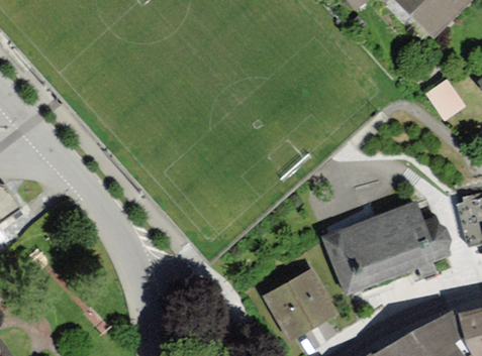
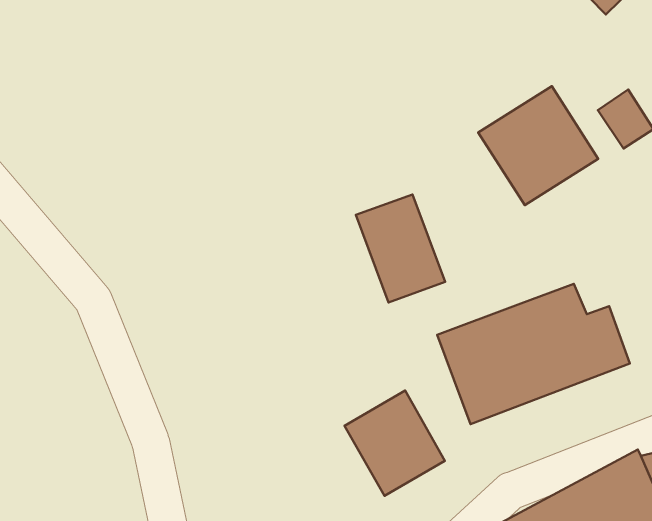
building: none -> [478,86,598,205]
building: none -> [356,194,445,302]

